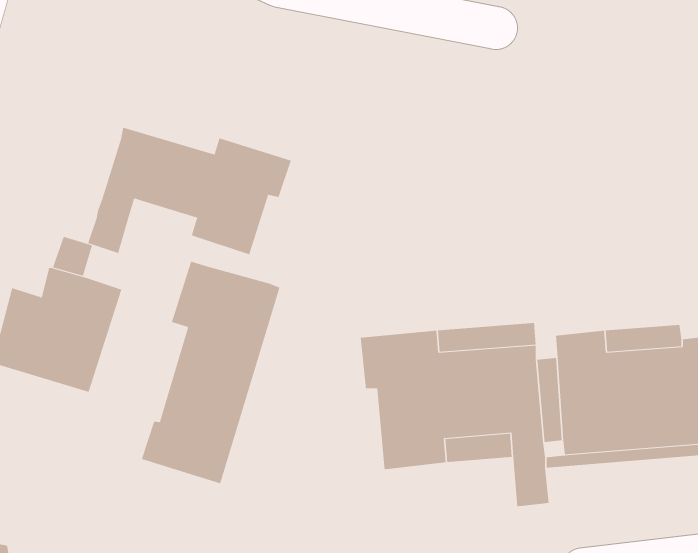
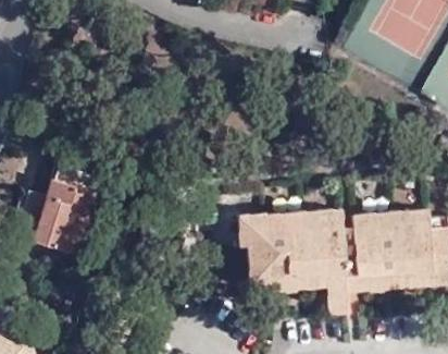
building: [88,127,292,255] -> none
building: [141,261,280,484] -> none

